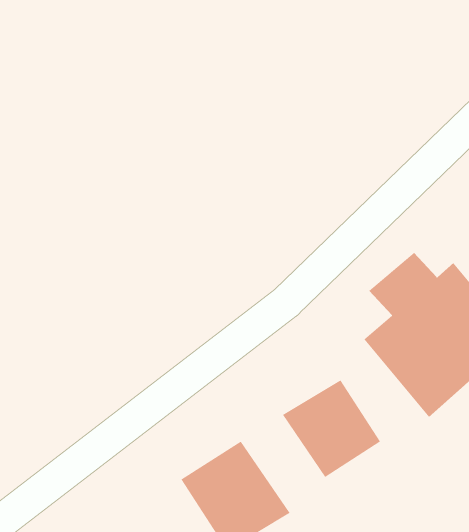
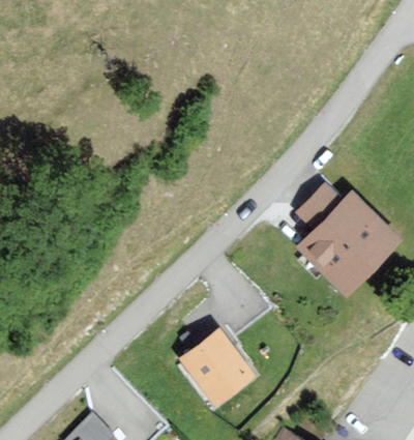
building: [282,380,381,478] -> none

